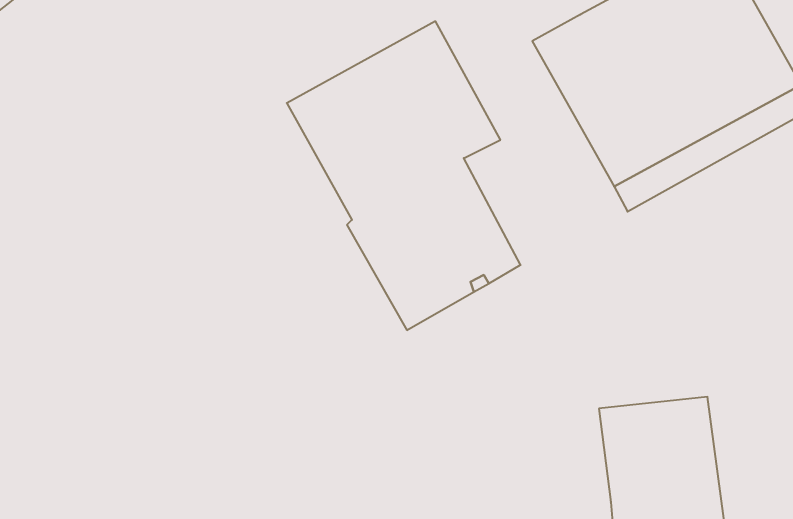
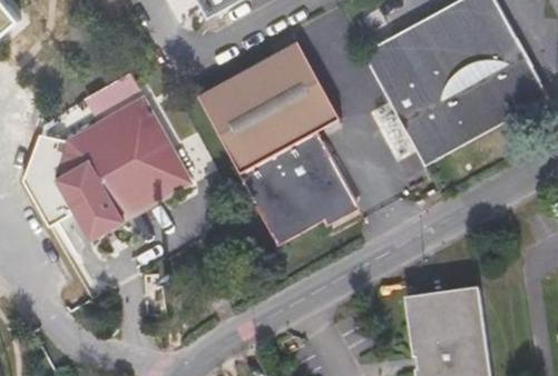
building: none -> [53,93,187,238]

